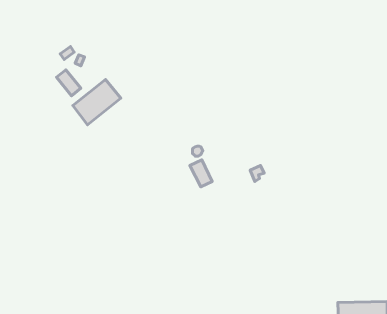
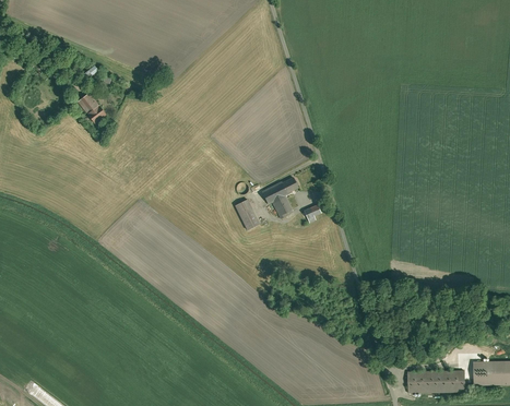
building: [73,79,121,125] -> none
building: none -> [261,179,299,223]

